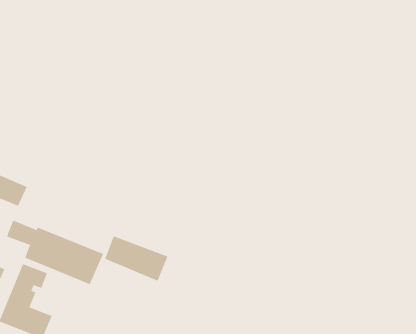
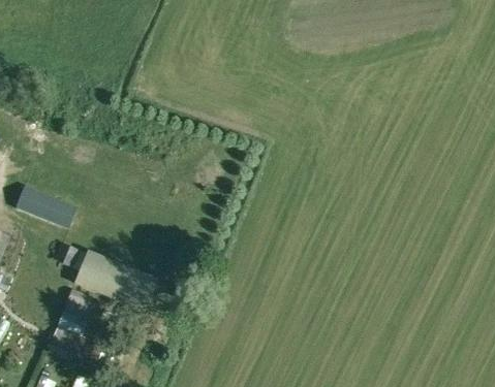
building: [105,236,168,281] -> none

